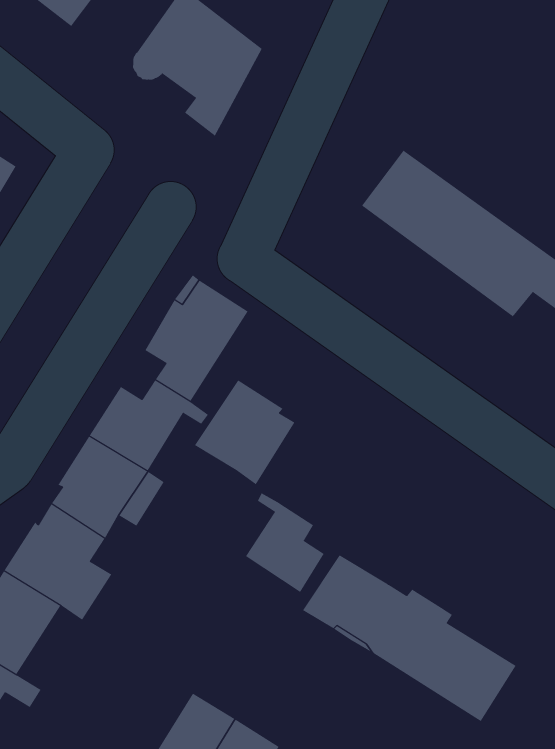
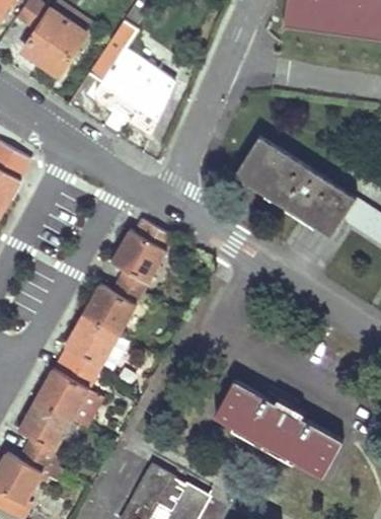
building: [194,380,295,485] -> none
building: [245,492,324,593] -> none

